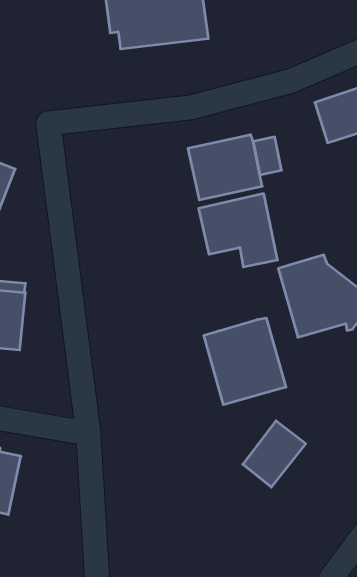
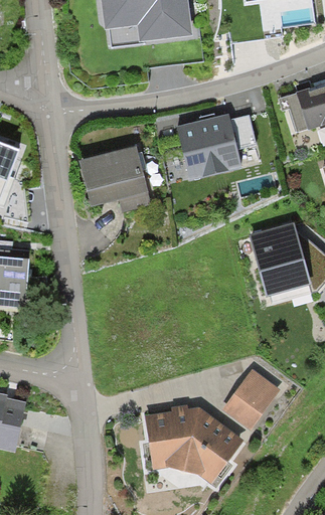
building: [199,194,278,267] -> [82,146,151,210]
building: [204,318,286,405] -> none
building: none -> [142,407,236,480]

